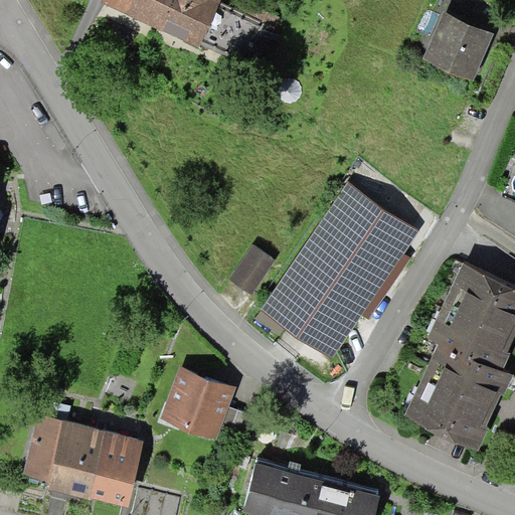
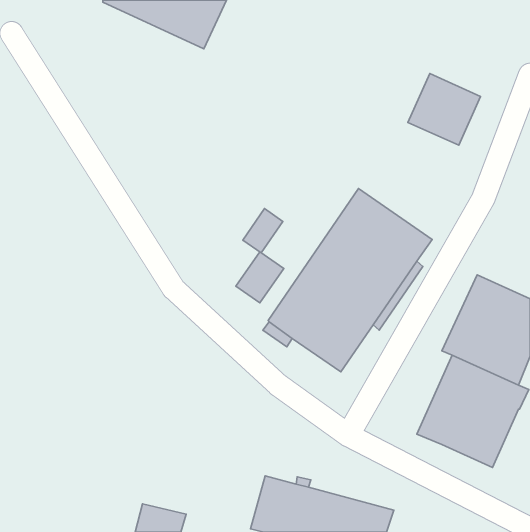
building: [422,11,493,80] -> [408,73,481,145]
building: none -> [243,209,283,253]
building: [160,365,235,439] -> none
building: [22,415,143,507] -> none

